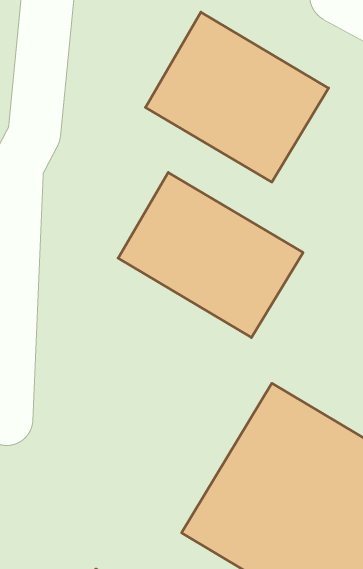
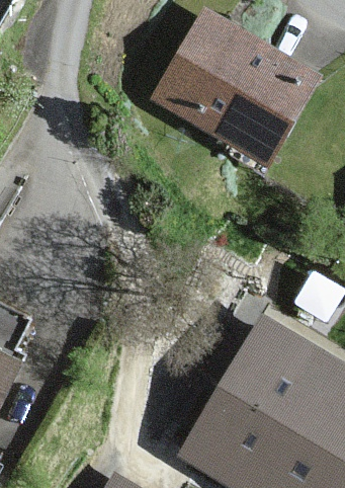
building: [118,172,303,338] -> none

